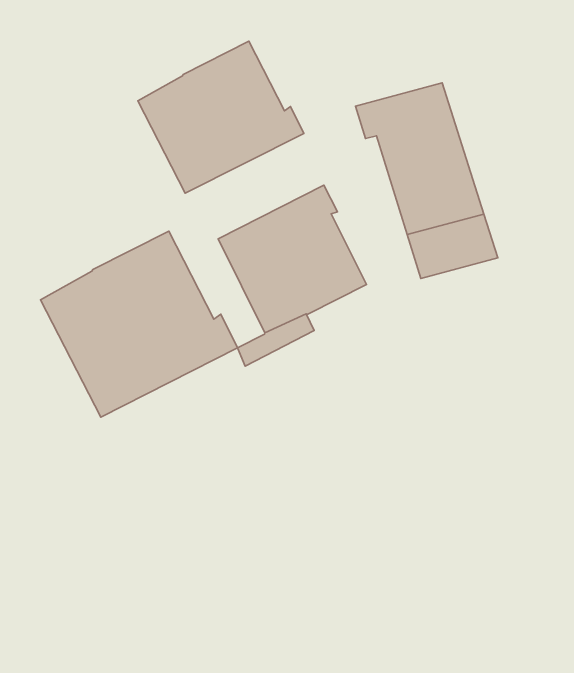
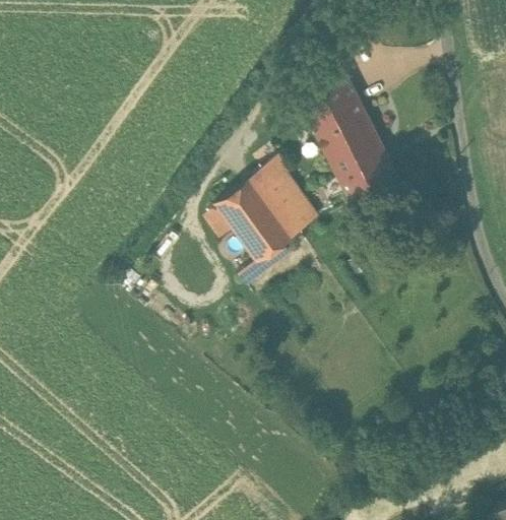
building: [138,41,304,193] -> none
building: [40,231,238,417] -> none

